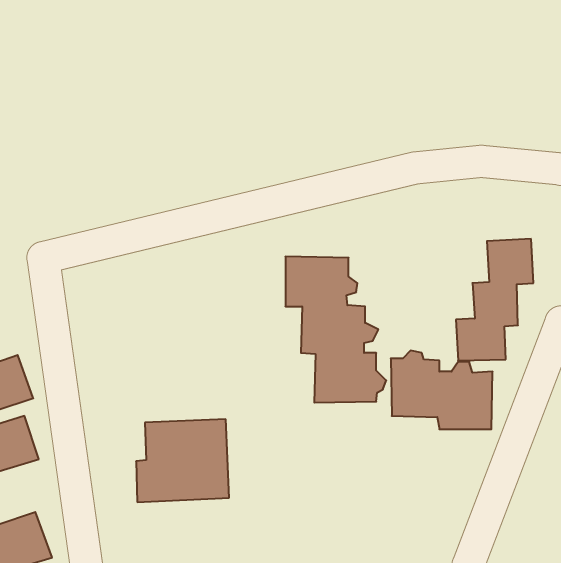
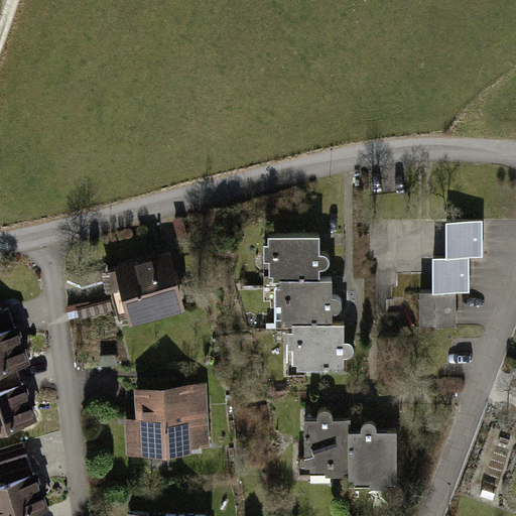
building: none -> [107,252,186,328]
building: [391,351,493,429] -> [301,412,394,484]

